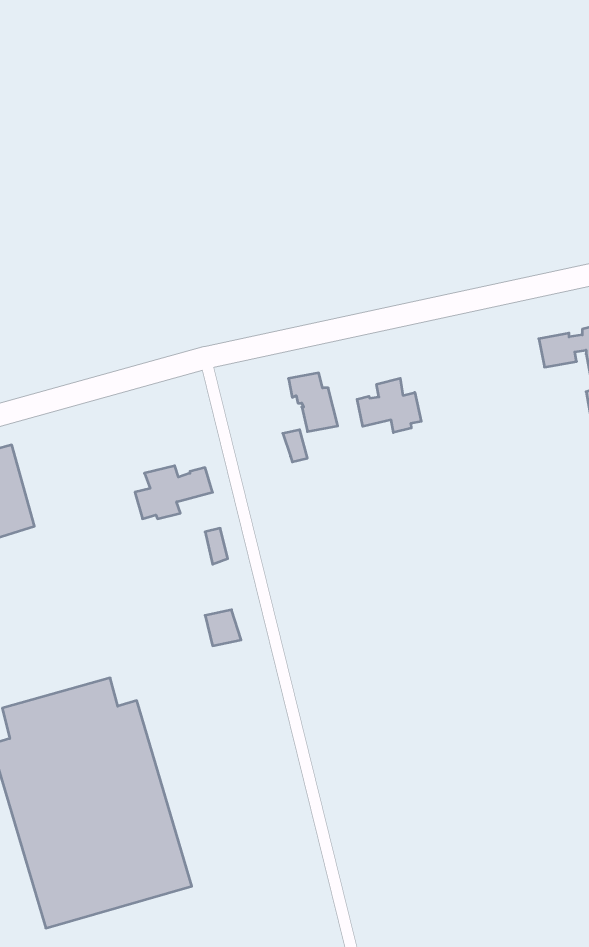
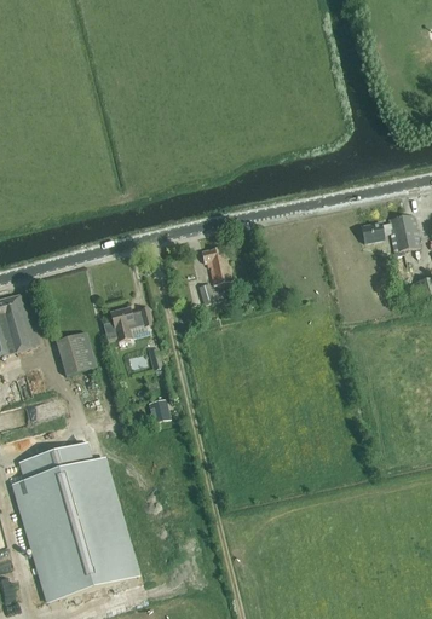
building: [357,378,421,433] -> none
building: none -> [54,331,96,375]

